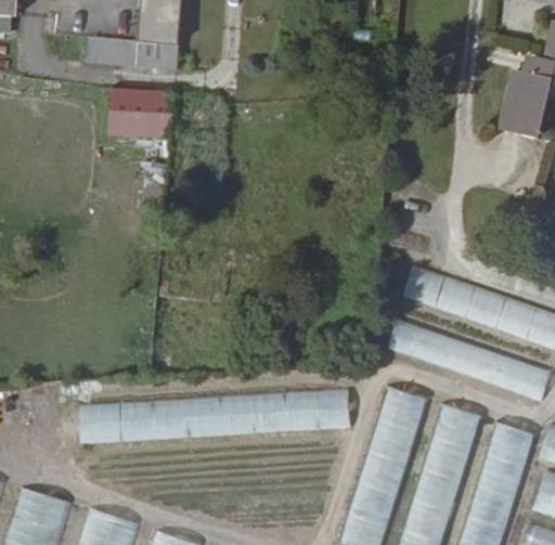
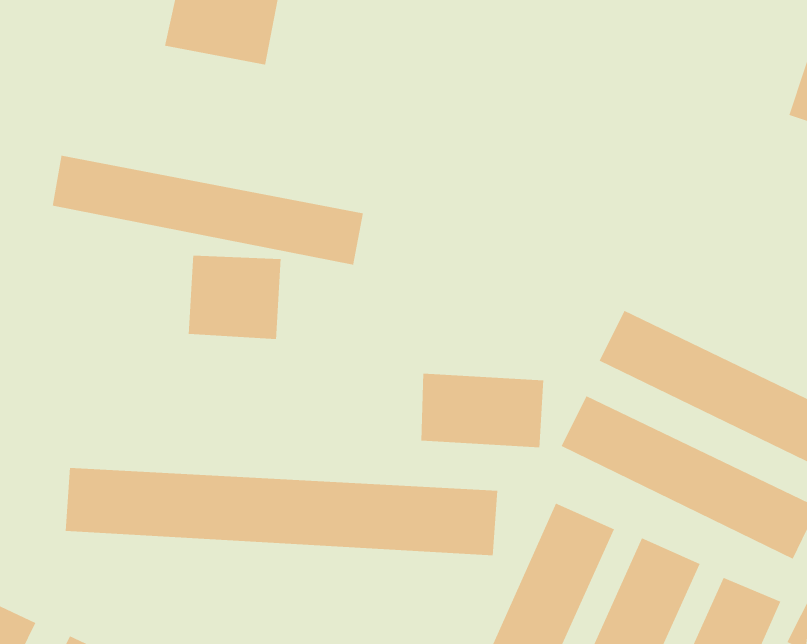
building: none -> [52,155,364,265]
building: none -> [188,255,281,340]
building: none -> [421,373,544,448]

